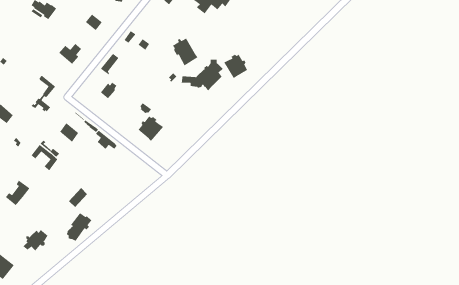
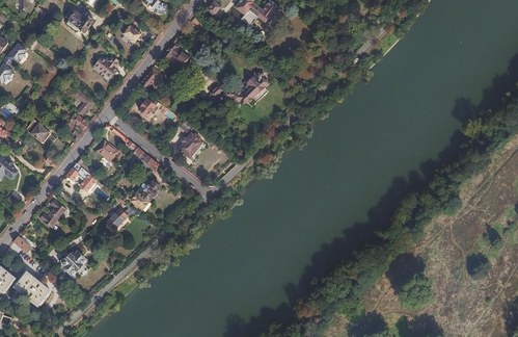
building: [172,38,199,66] -> none
building: [223,54,248,79] -> none
building: [66,212,93,242] -> [132,178,160,209]

